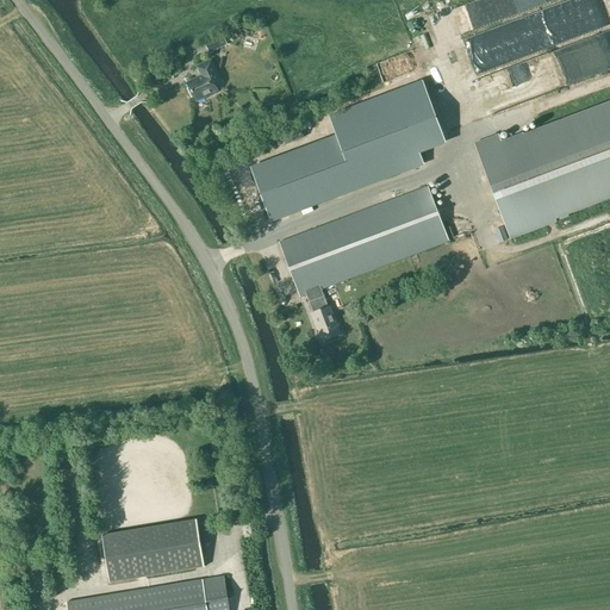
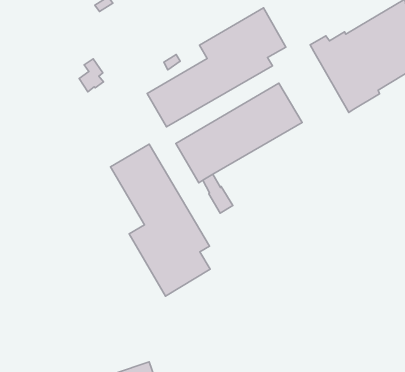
building: [187,60,219,101] -> [79,59,103,92]
building: none -> [111,144,210,296]

